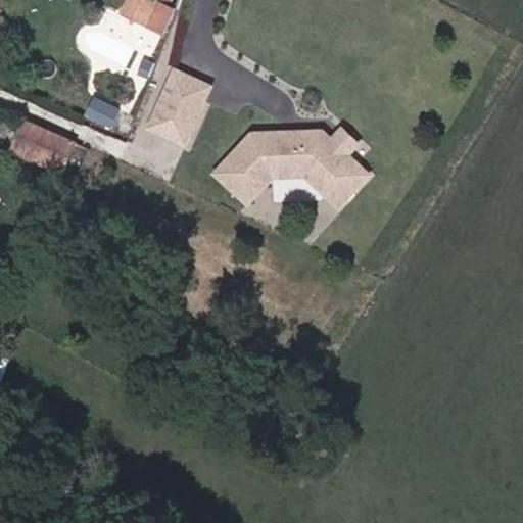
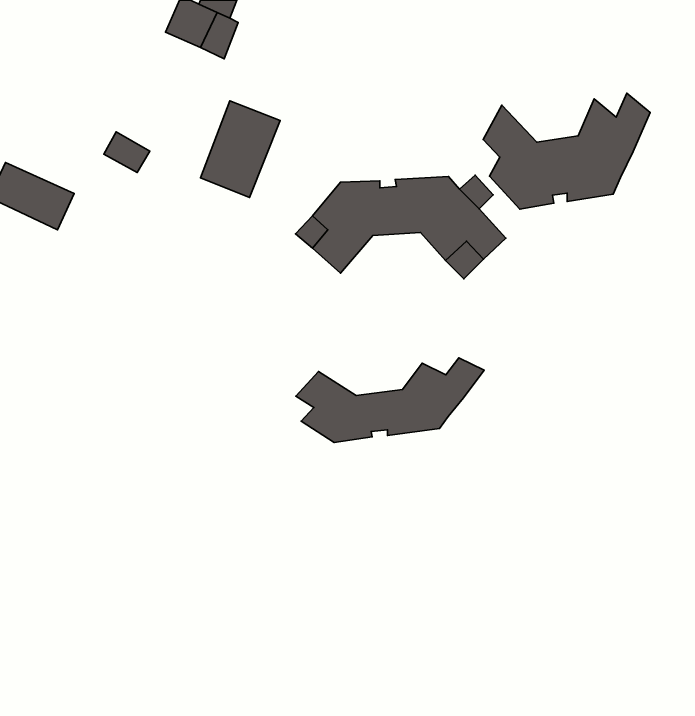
building: none -> [483,93,650,209]
building: none -> [296,358,484,443]

